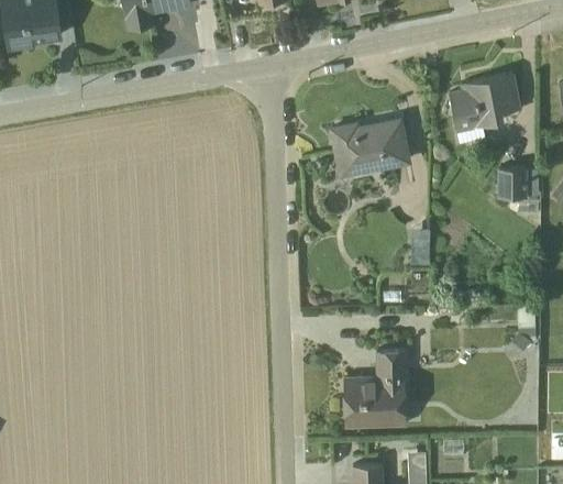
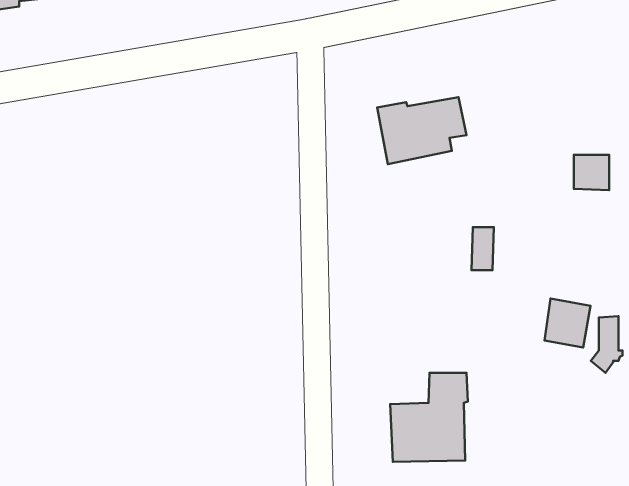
building: [449,73,519,131] -> none
building: none -> [544,299,591,347]

